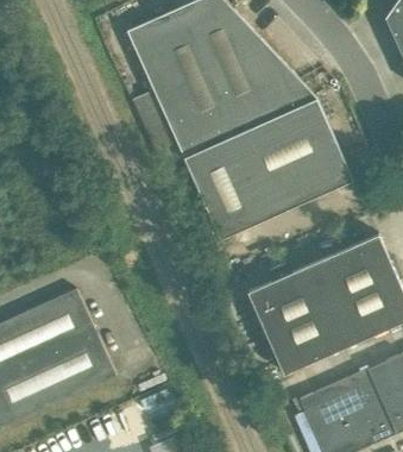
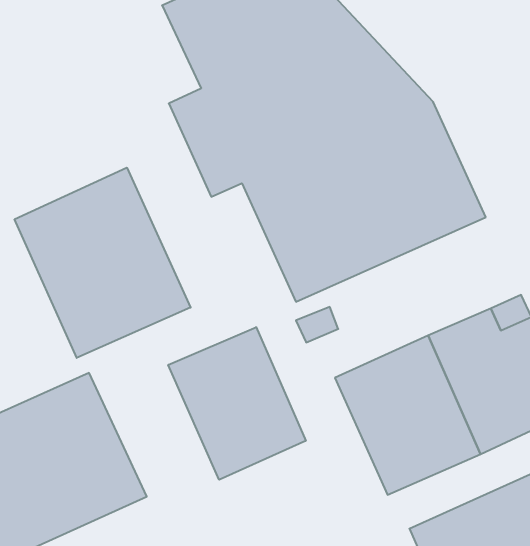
building: none -> [15,168,191,358]
building: none -> [168,327,306,480]

